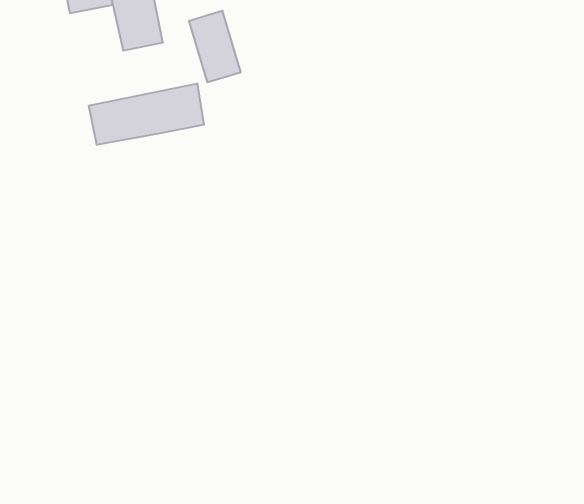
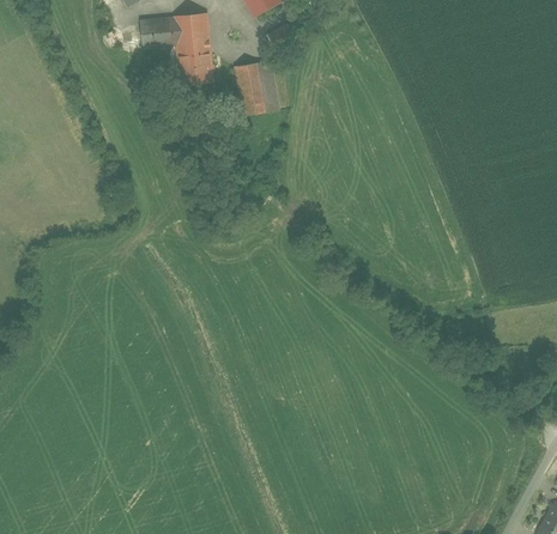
building: [89,83,204,145] -> none

